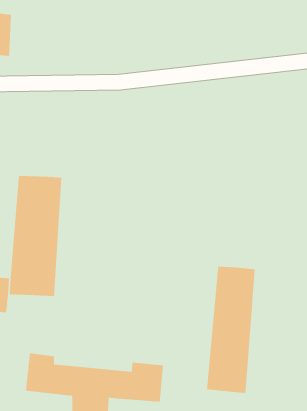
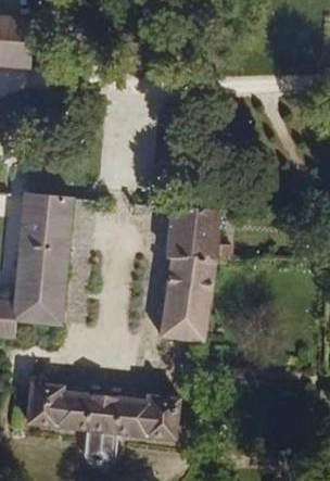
building: [206,266,255,393] -> [160,202,212,337]

